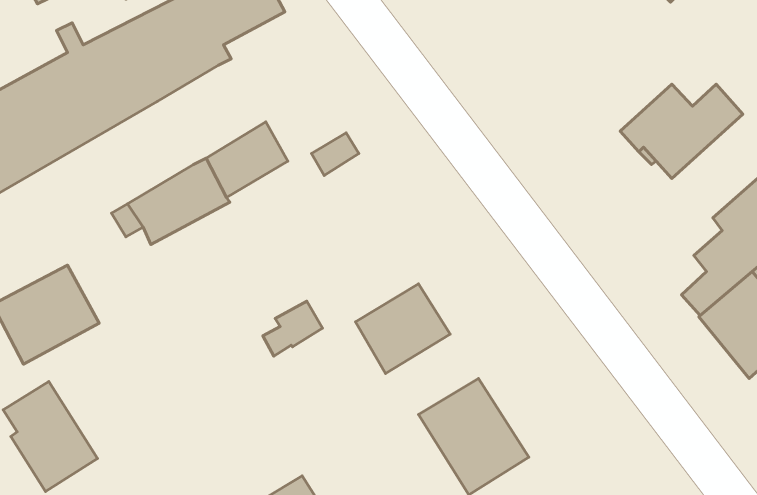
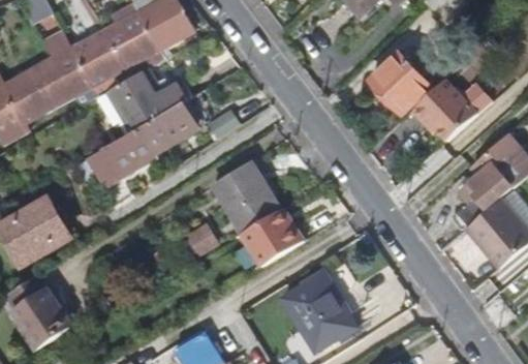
building: none -> [370,53,432,115]
building: none -> [108,65,184,130]
building: none -> [207,159,280,236]

